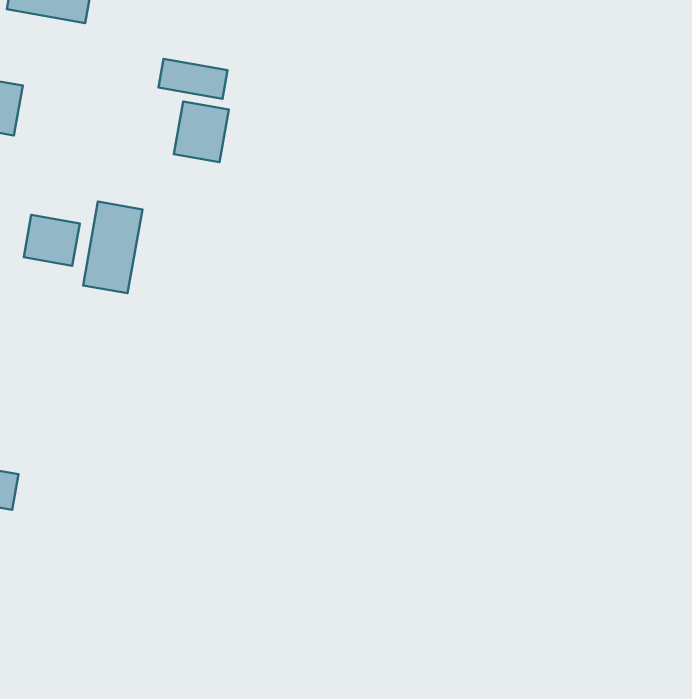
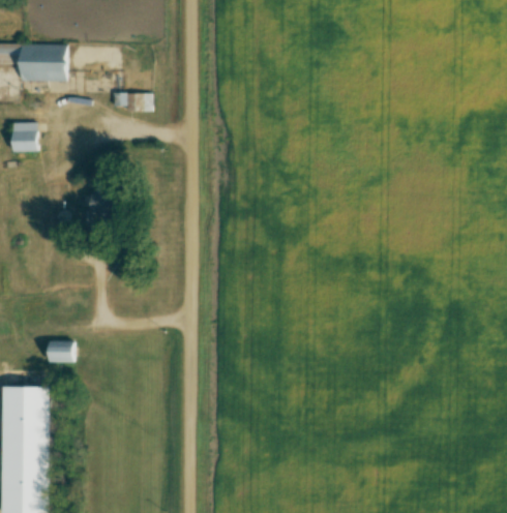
building: [174,102,229,162] -> none
building: [24,215,80,266] -> none

